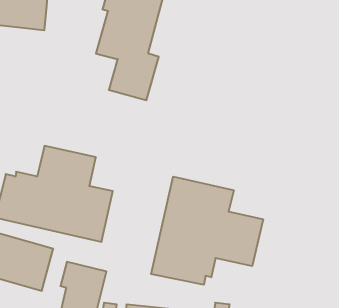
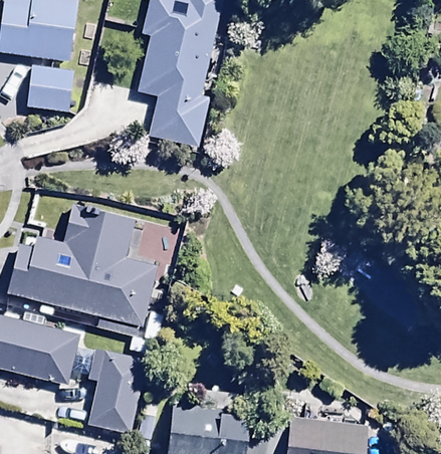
building: none -> [25,64,76,117]
building: [151,177,263,285] -> none

